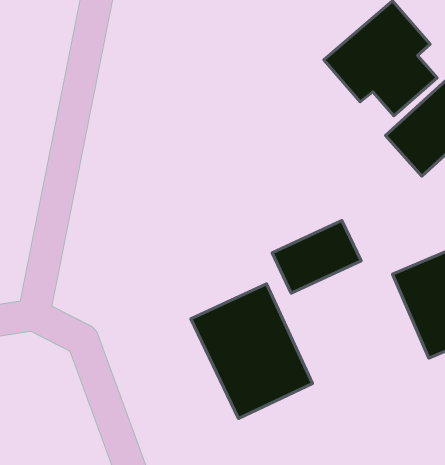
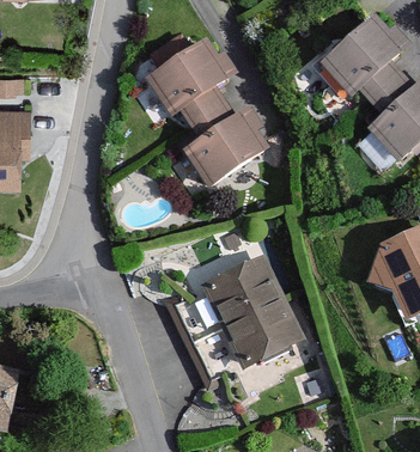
building: none -> [141,38,276,191]
building: [272,220,361,293] -> none

